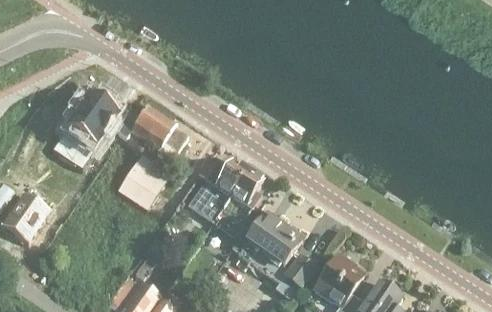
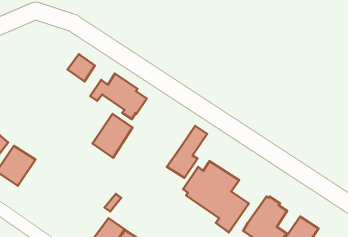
building: [57,101,104,167] -> none
building: [191,157,249,218] -> none

